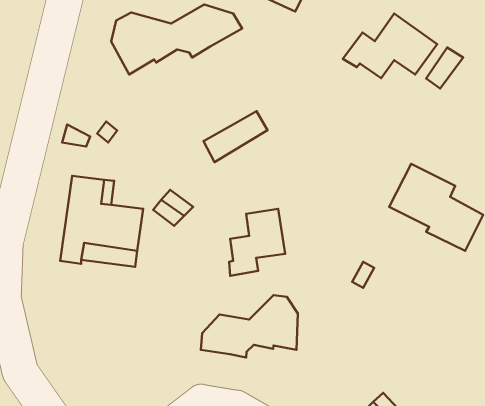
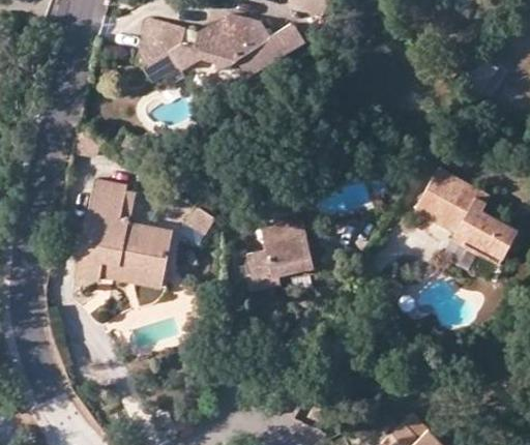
building: [343,13,437,78] -> none
building: [204,111,268,162] -> [235,23,301,76]
building: [201,295,298,357] -> none

